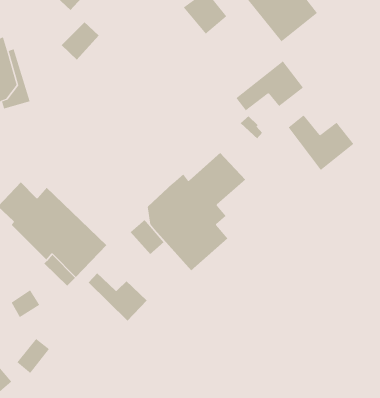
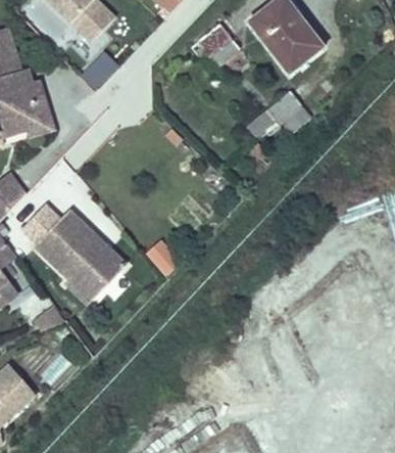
building: [288,114,354,171] -> none
building: [147,152,246,271] -> none
building: [88,272,147,322] -> none

